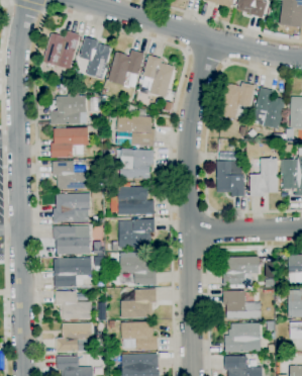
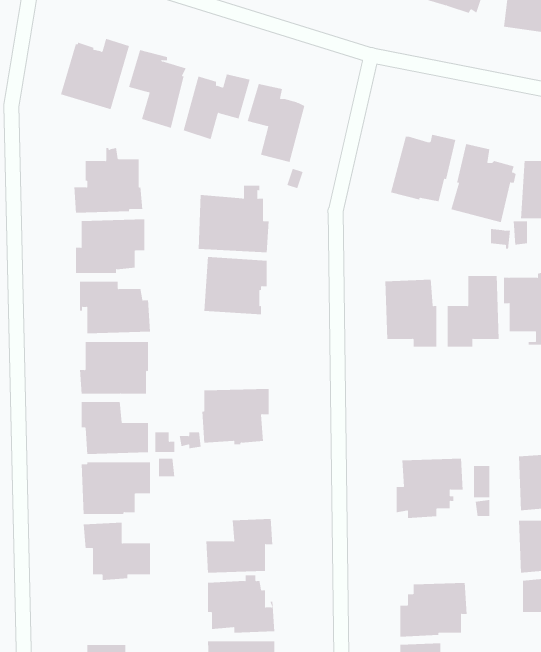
building: [118,186,155,215] -> none
building: [119,256,157,284] -> none
building: [222,290,261,318] -> none
building: [56,322,92,352] -> none

